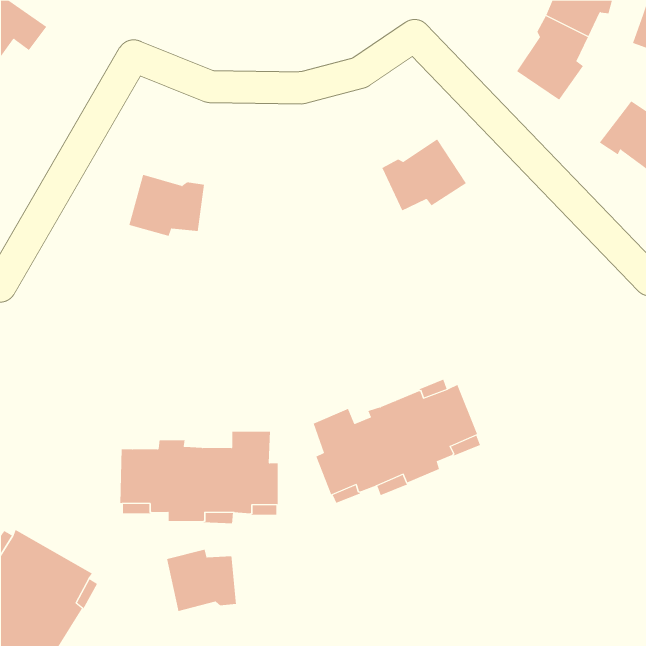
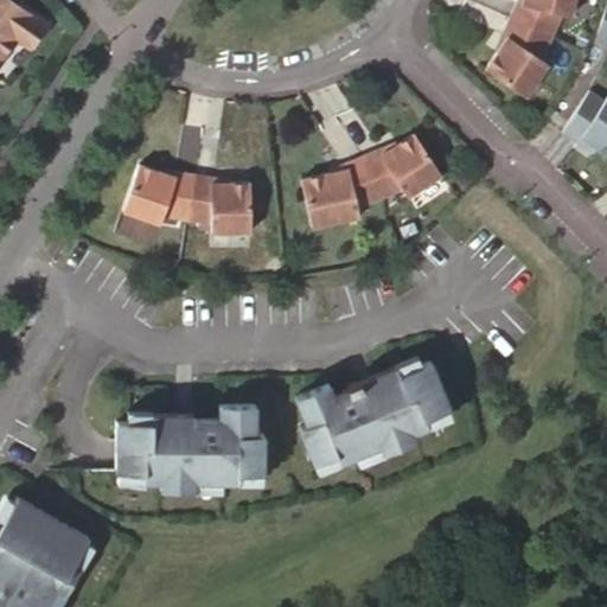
building: none -> [298,160,378,234]
building: none -> [189,175,254,232]
building: [166,549,237,612] -> none

